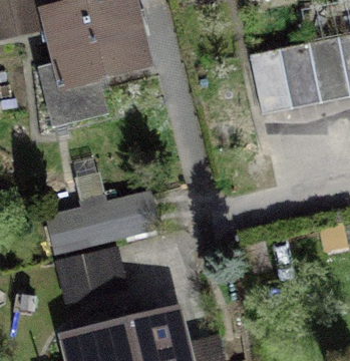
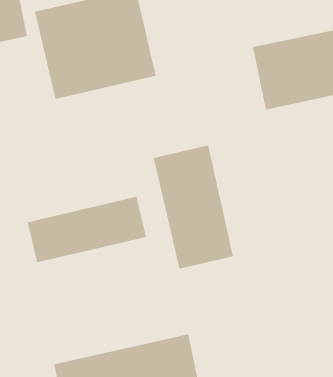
building: none -> [153,145,234,270]
building: [60,256,132,323] -> none

